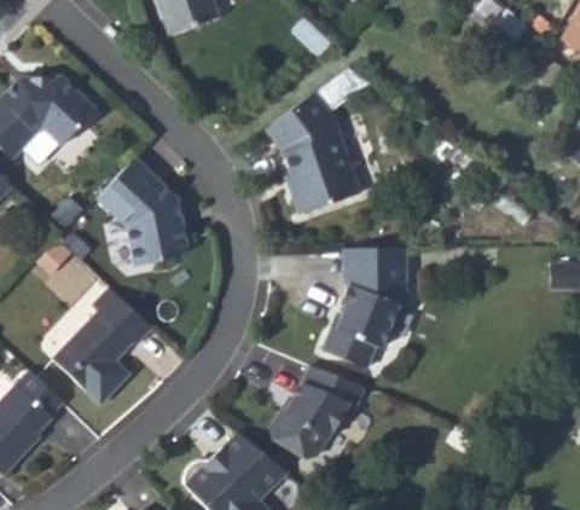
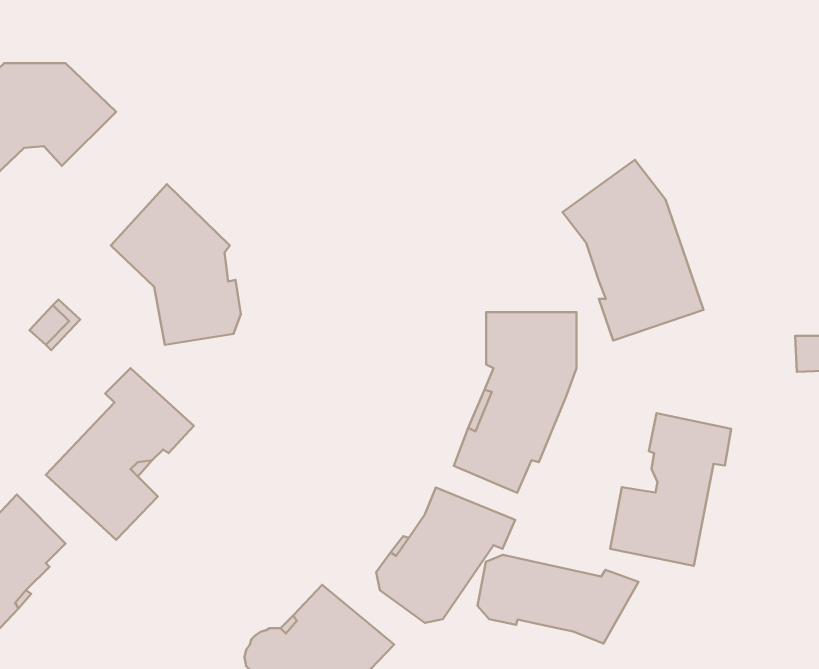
building: [267,94,361,215] -> [563,160,703,340]
building: none -> [610,413,731,566]
building: none -> [477,555,638,643]

